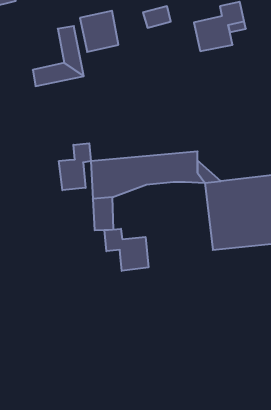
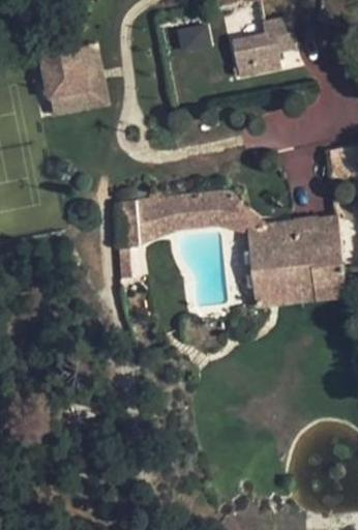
building: [80,11,118,52] -> [39,49,84,96]
building: [59,143,91,190] -> none
building: [104,229,148,271] -> none

